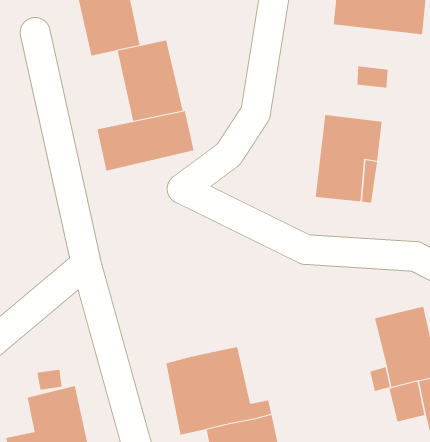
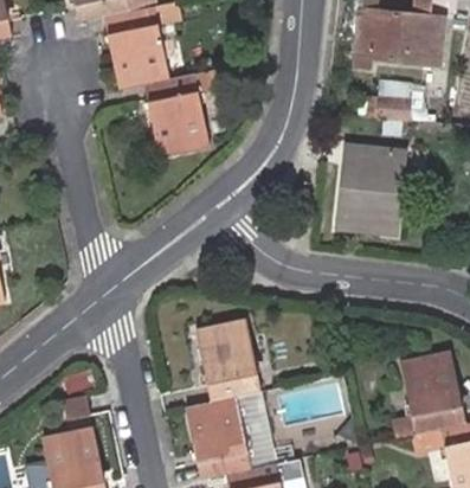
building: [97,110,194,171] -> none
building: none -> [195,309,260,391]

